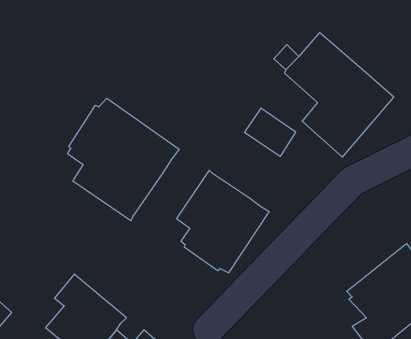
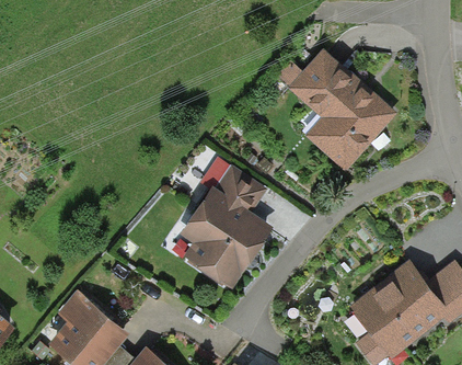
building: [68,98,179,221] -> none
building: [244,108,296,156] -> [216,164,267,213]

